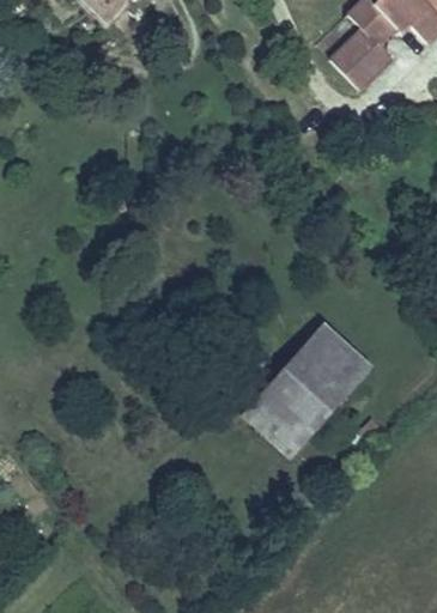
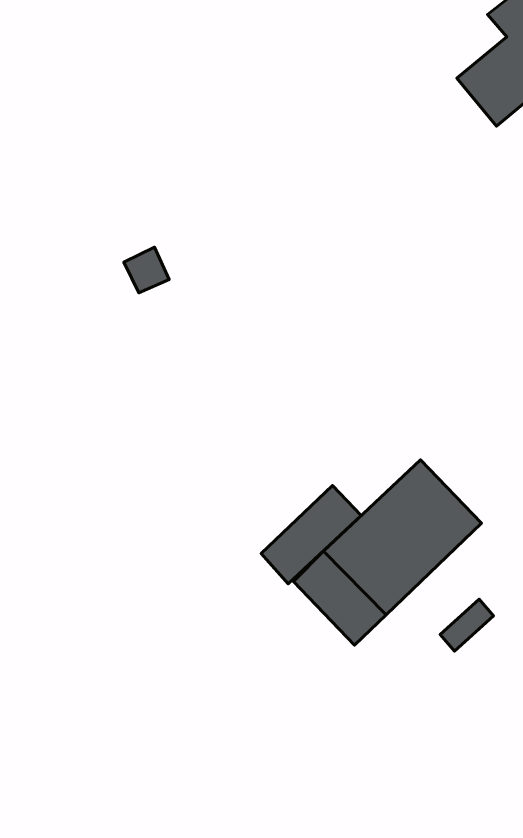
building: none -> [261,485,361,584]

